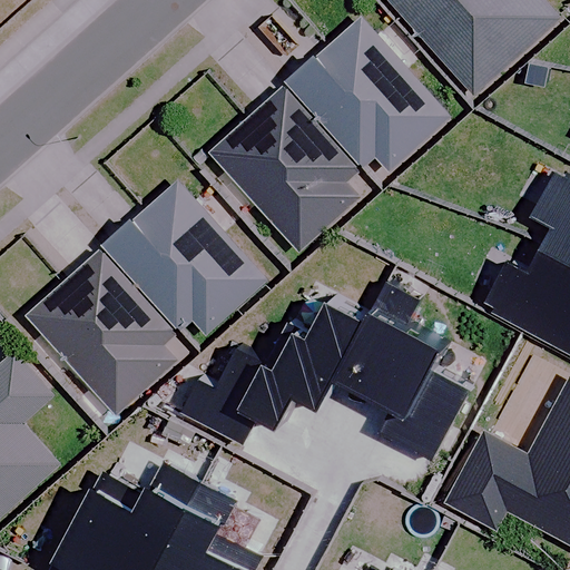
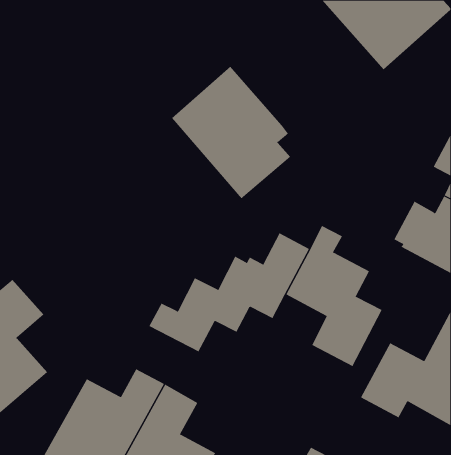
building: [287,19,449,170] -> none
building: [105,181,265,333] -> none
building: [28,252,177,416] -> none

